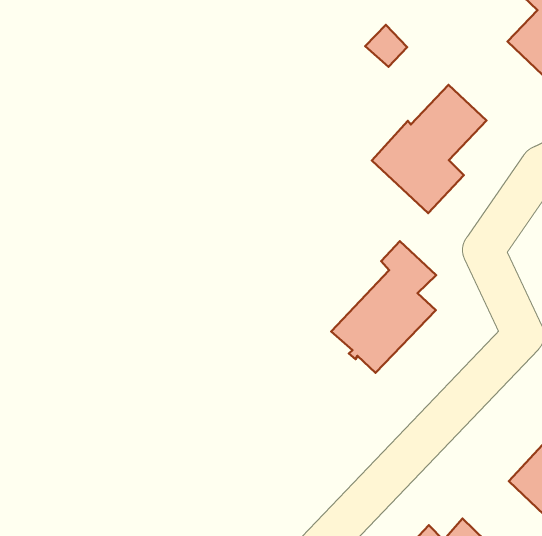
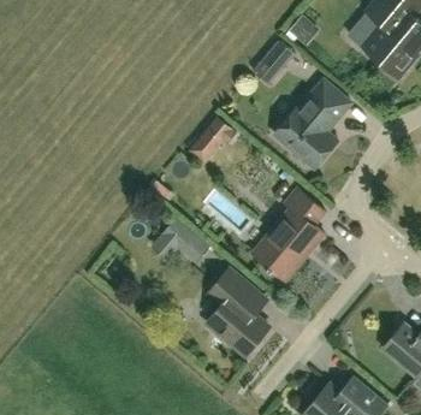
building: none -> [188,117,236,164]
building: none -> [161,218,209,263]
building: none -> [207,269,269,355]

